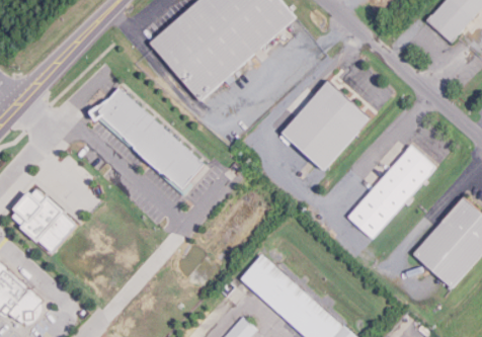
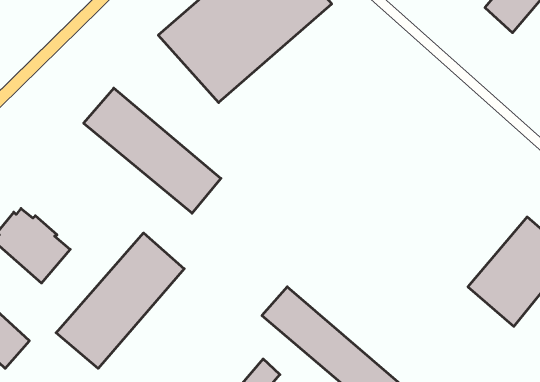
building: [282,81,370,170] -> none
building: [347,145,434,239] -> none
building: none -> [56,233,184,368]

